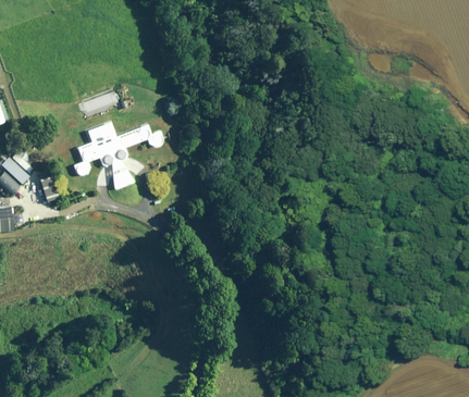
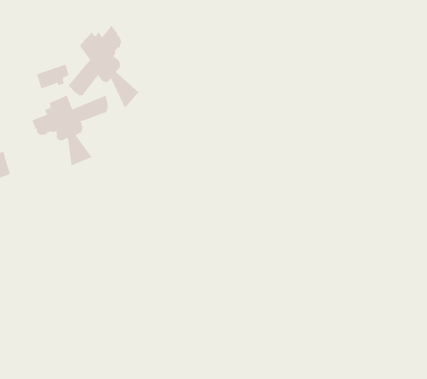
building: none -> [68,25,139,109]

